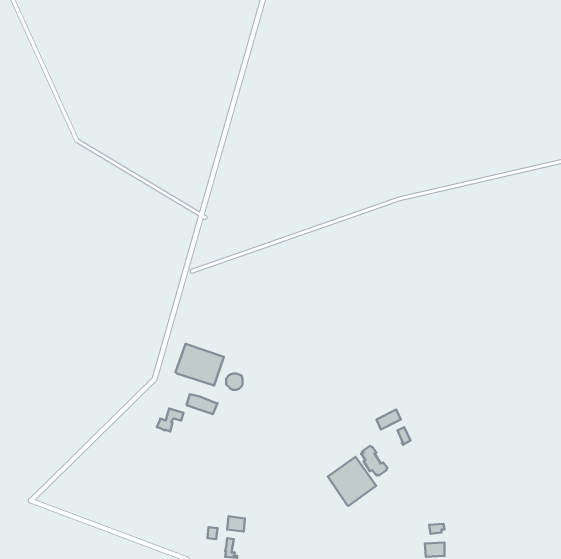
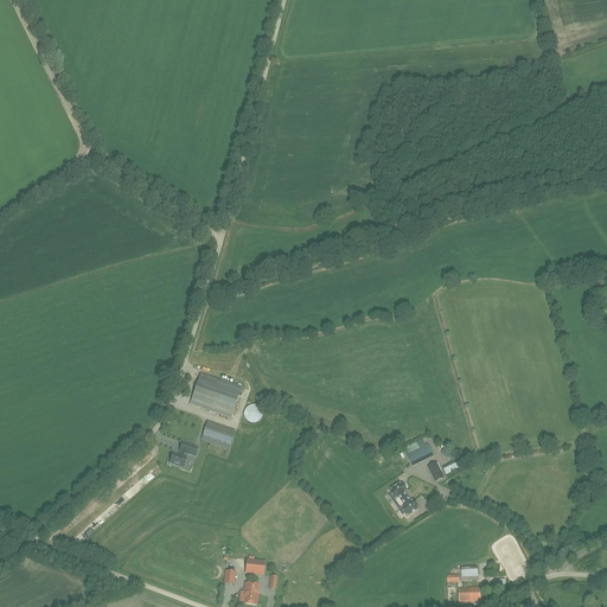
building: [328,457,376,506] -> none

